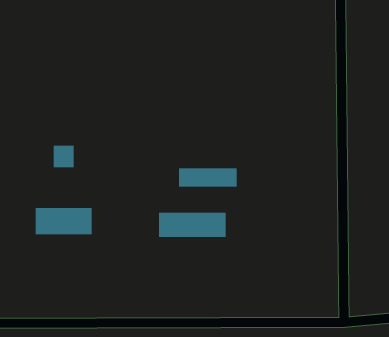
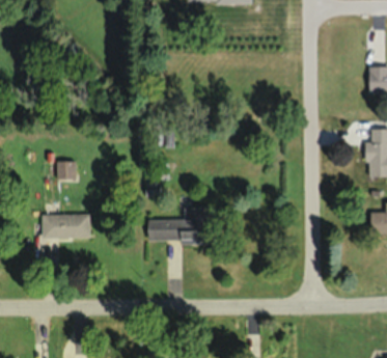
building: [178,167,237,188] -> none

